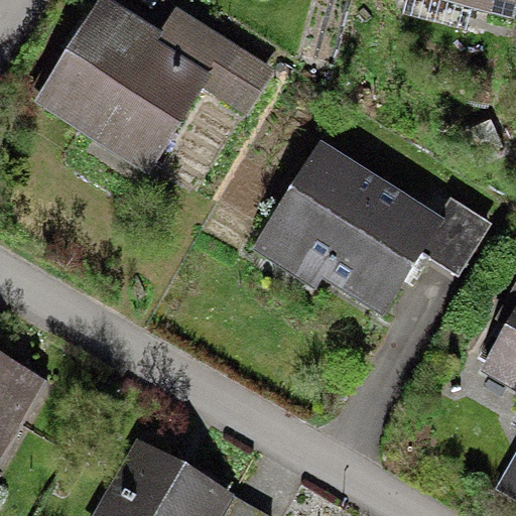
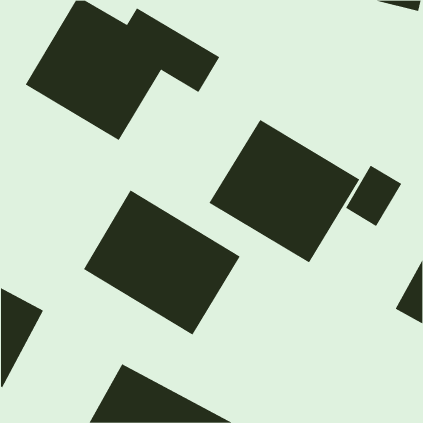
building: none -> [83,190,240,336]

